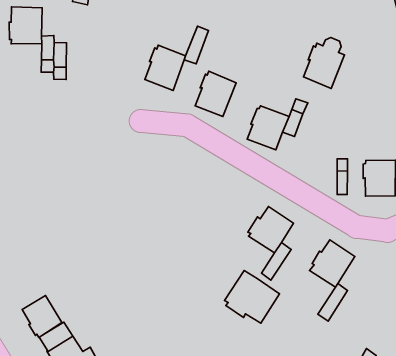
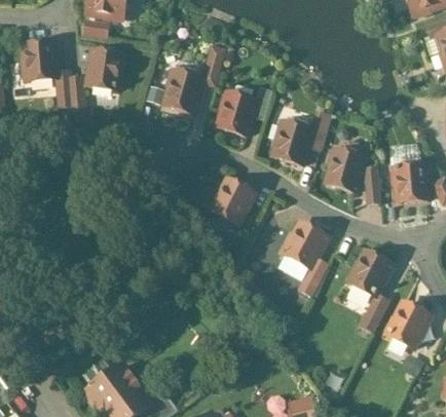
building: none -> [86,50,122,91]
building: [304,37,344,88] -> [325,141,364,192]
building: none -> [210,180,254,226]
building: [224,270,279,323] -> none
building: none -> [385,302,430,348]
building: [22,295,62,337] -> none

